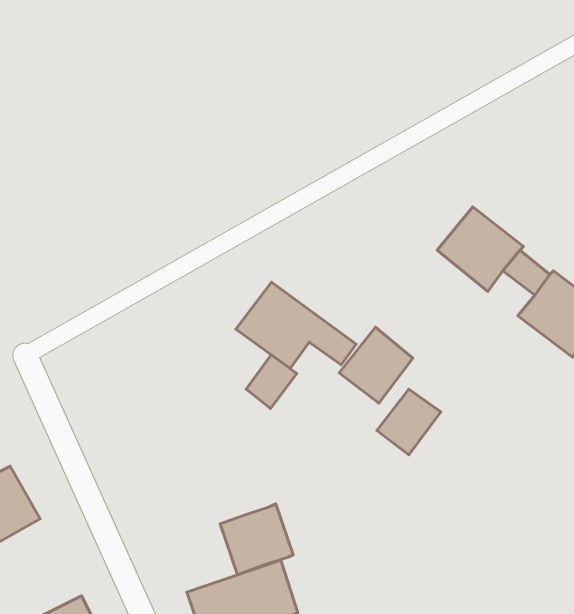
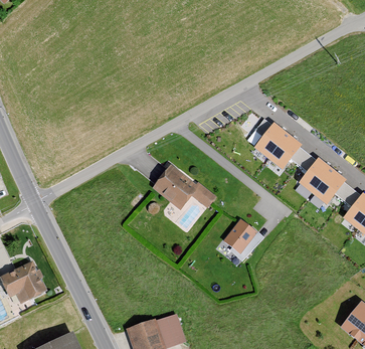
building: [339,327,413,403] -> none
building: [246,355,297,408] -> none
building: [220,504,293,575] -> none

